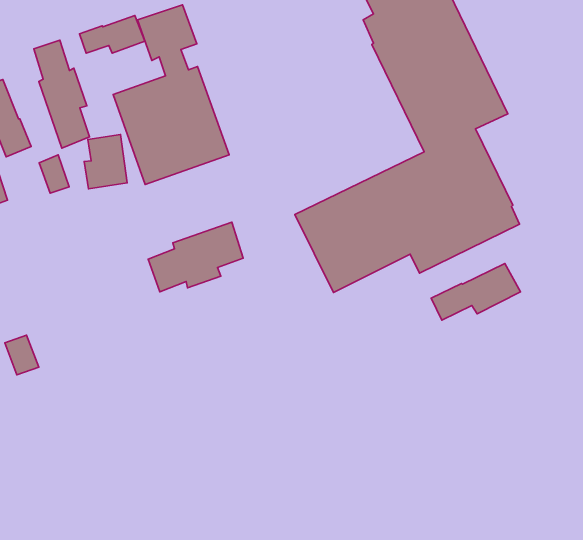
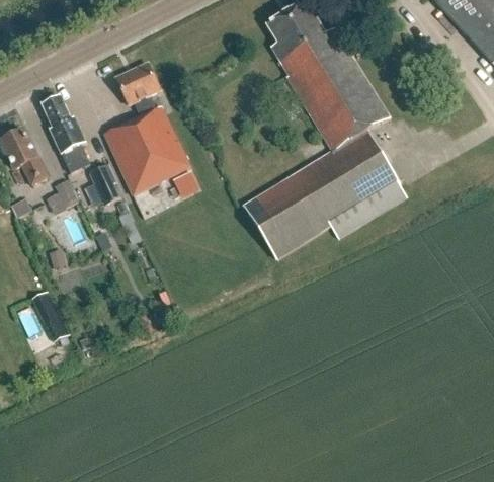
building: [79,16,145,53] -> none
building: [148,222,243,292] -> none
building: [431,263,520,320] -> none

